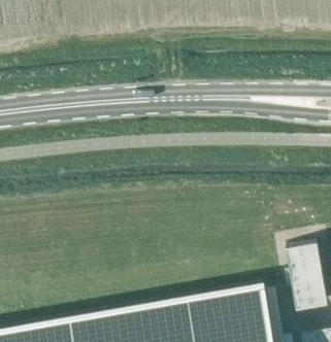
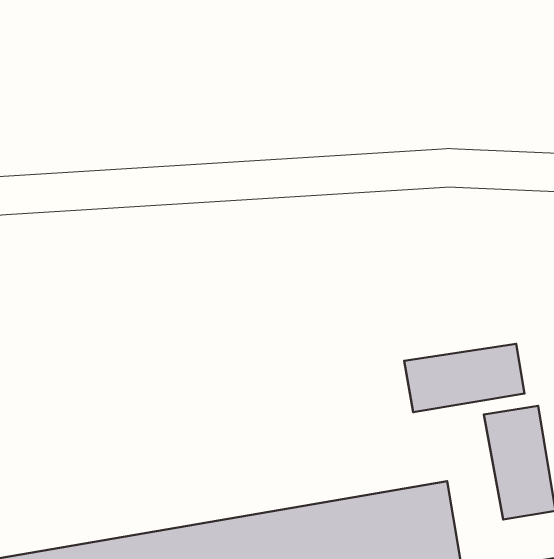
building: none -> [404,344,524,412]

